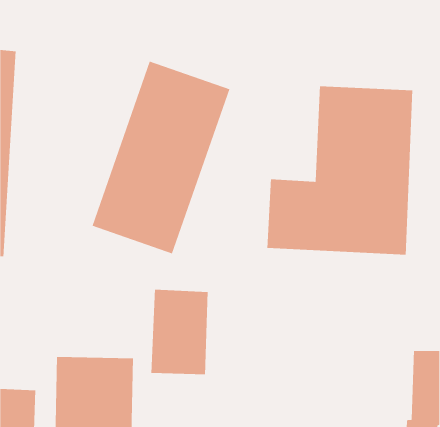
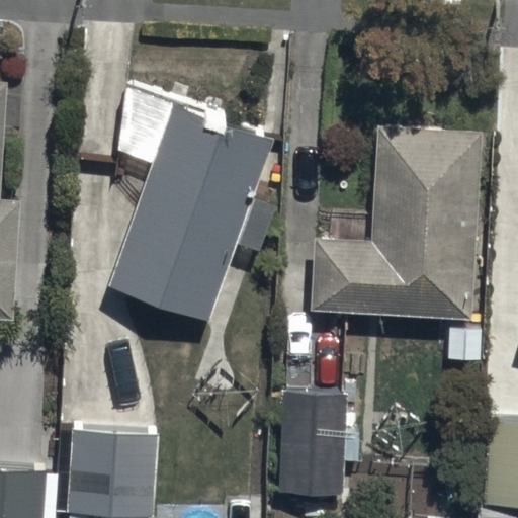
building: [151,289,208,375] -> [276,399,344,500]

